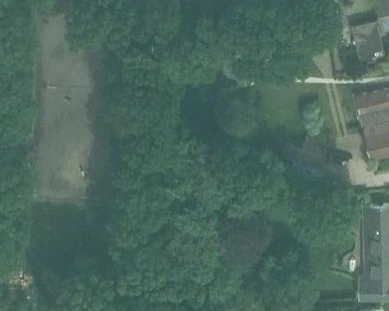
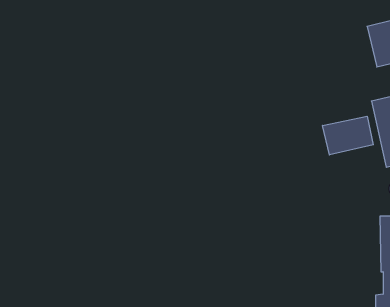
building: none -> [323,116,373,155]

